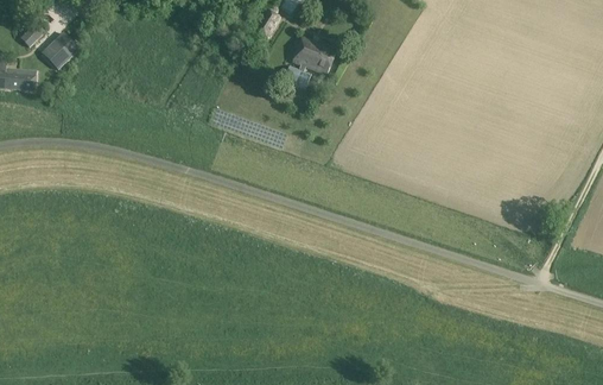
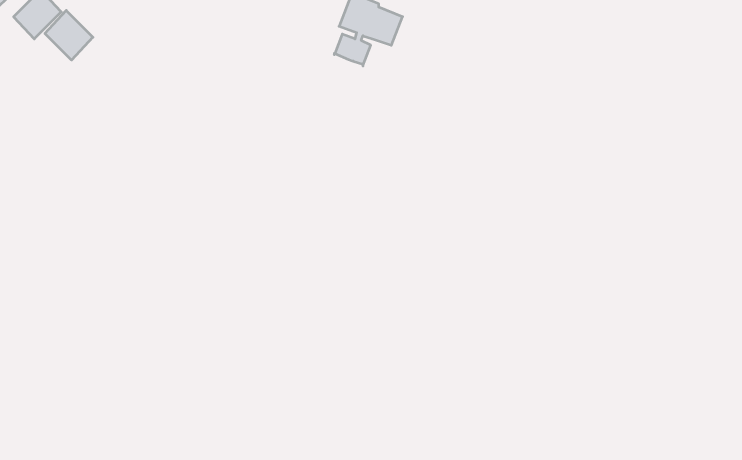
building: none -> [45,10,93,60]

